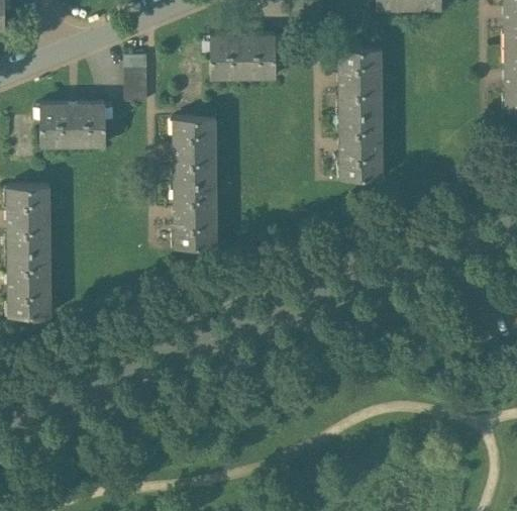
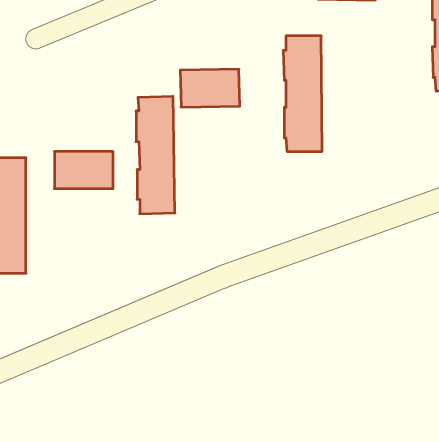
building: [210,34,277,77] -> [180,69,240,107]
building: [120,55,149,103] -> none
building: [40,103,106,144] -> [54,152,113,189]

